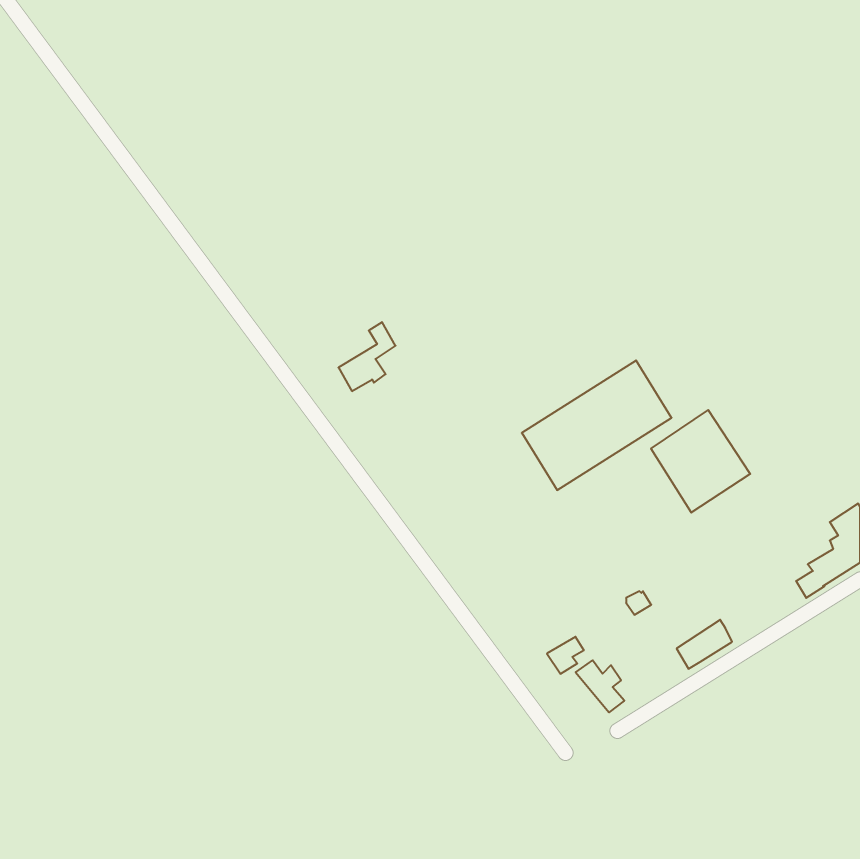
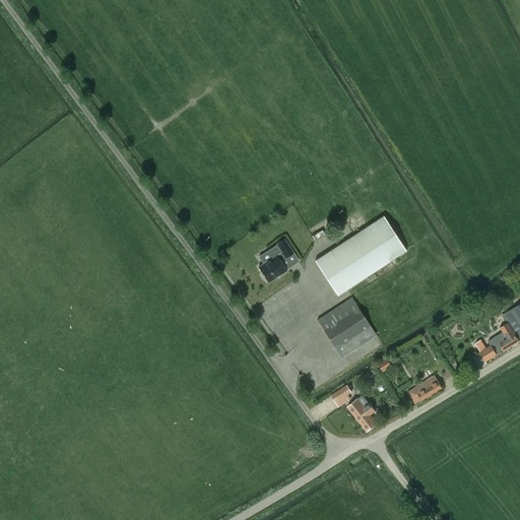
building: [338,322,396,391] -> [258,239,292,280]
building: [651,410,750,513] -> [317,296,377,358]

